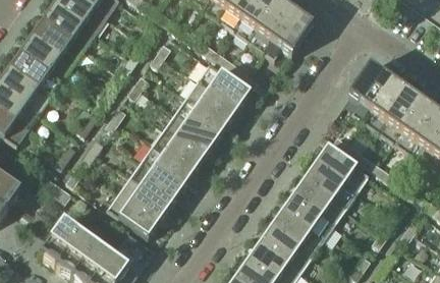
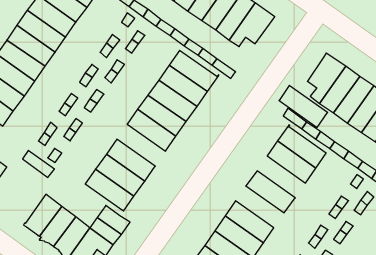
building: [144,137,197,183] -> none
building: [296,172,349,218] -> [279,85,328,127]
building: [273,205,326,250] -> none

